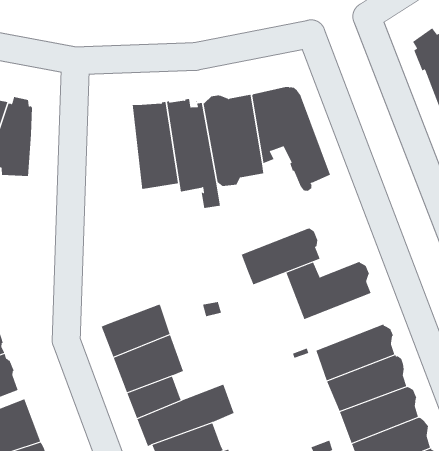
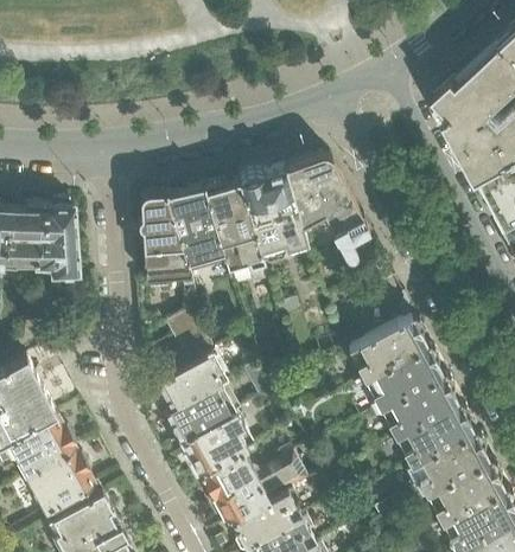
building: none -> [139,191,189,294]
building: none -> [157,307,227,409]
building: [241,228,321,285] -> [363,346,441,409]

